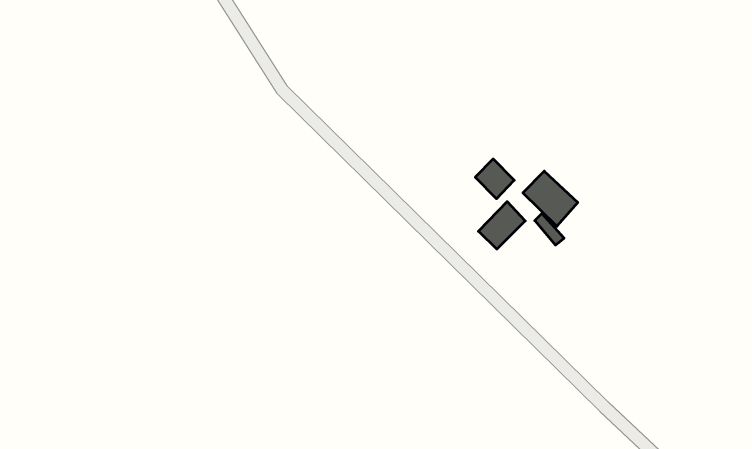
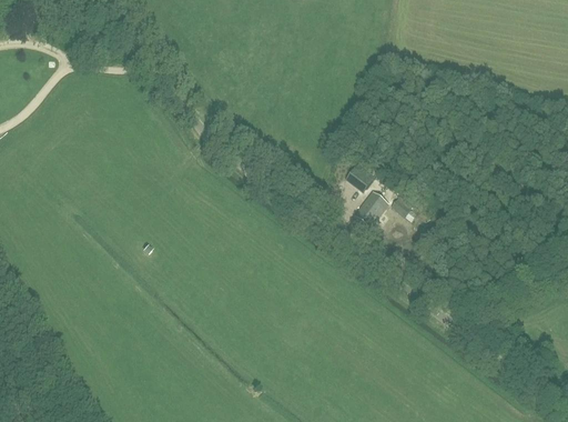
building: [523,171,578,226] -> none

